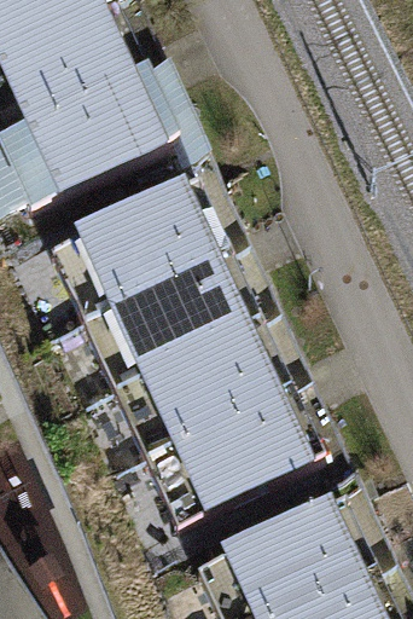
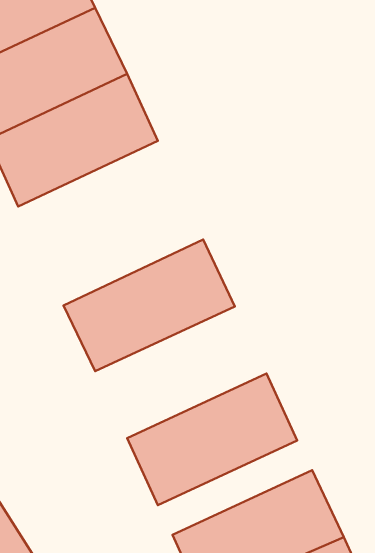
building: [43,186,225,328] -> none
building: [110,329,292,469] -> none

